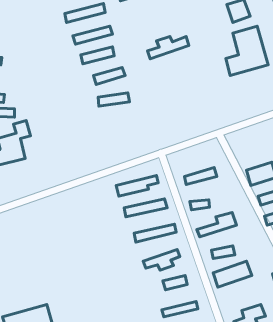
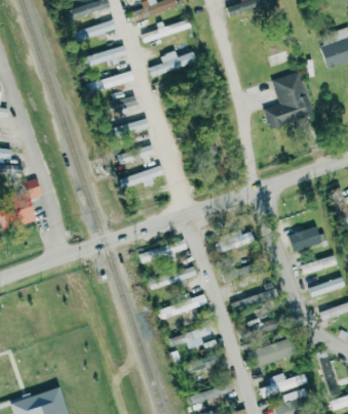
building: [147,36,189,59] -> [149,50,196,76]
building: none -> [121,165,163,188]
building: none -> [260,372,307,397]

